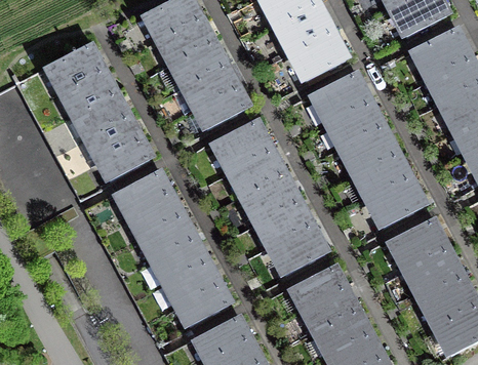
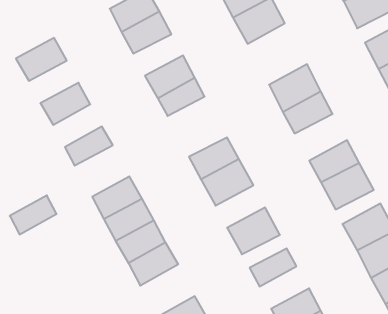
building: [290,31,345,81] -> none
building: [170,42,223,86] -> none
building: [61,70,113,115] -> none
building: [86,116,137,161] -> none
building: [213,122,269,171] -> none
building: [340,126,395,175] -> none
building: [117,172,166,213] -> [10,195,57,234]
building: [256,201,309,246] -> none
building: [177,284,228,325] -> none
building: [303,286,355,331] -> none

